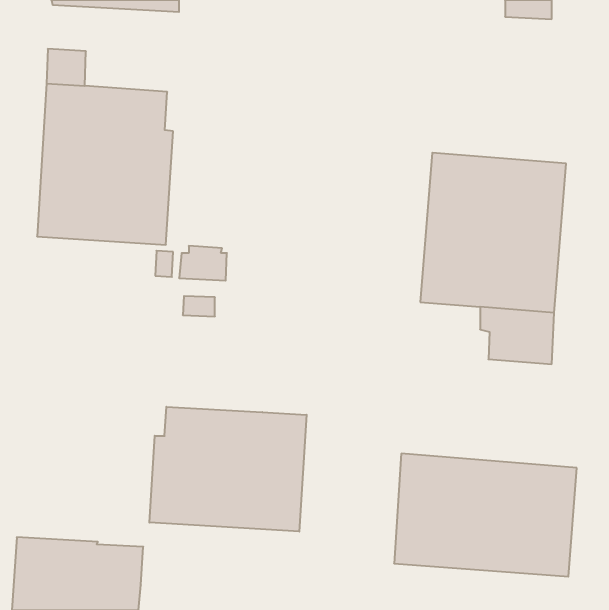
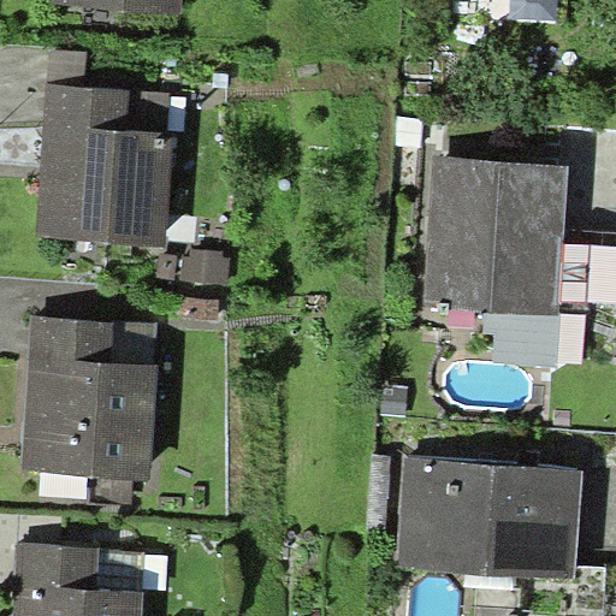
building: none -> [22,315,158,479]
building: [149,407,307,532] -> none

